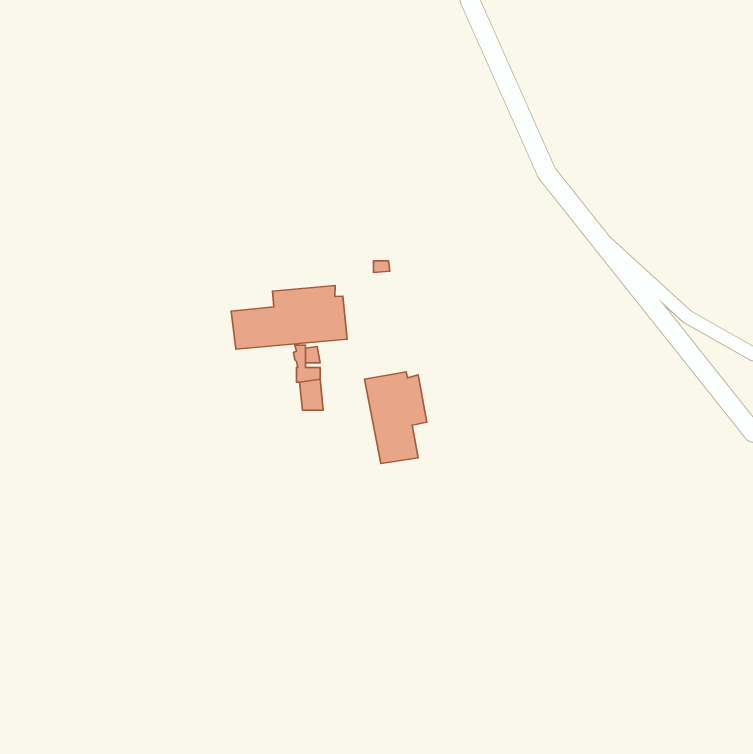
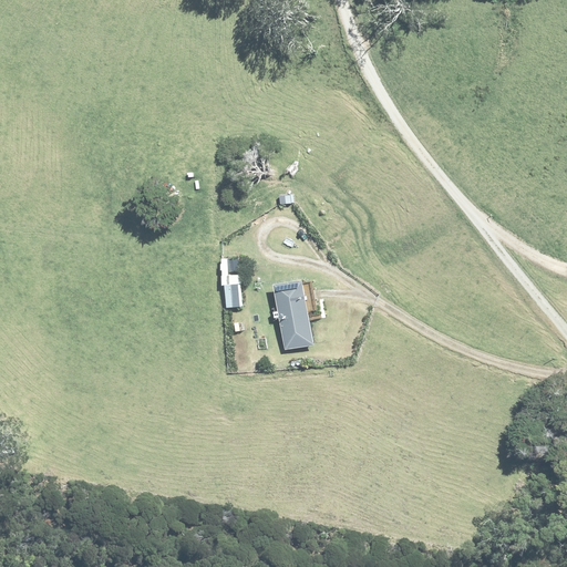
building: [231,285,347,349] -> none

